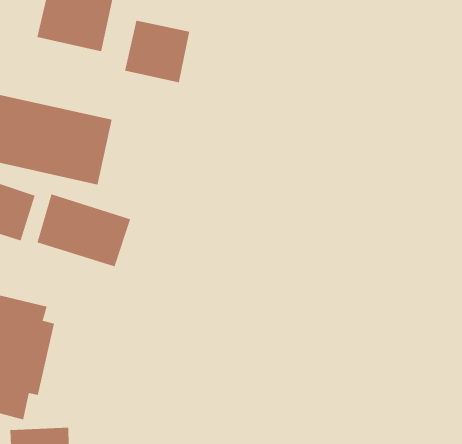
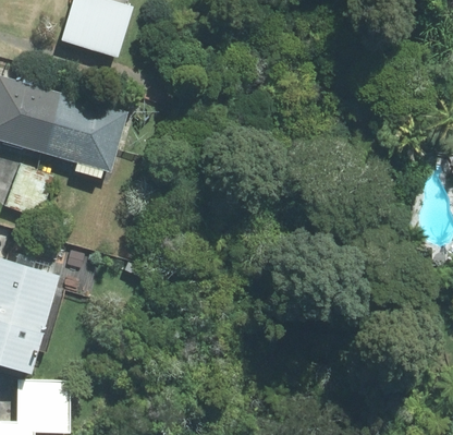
building: [124,20,190,83] -> none
building: [37,194,131,267] -> none

